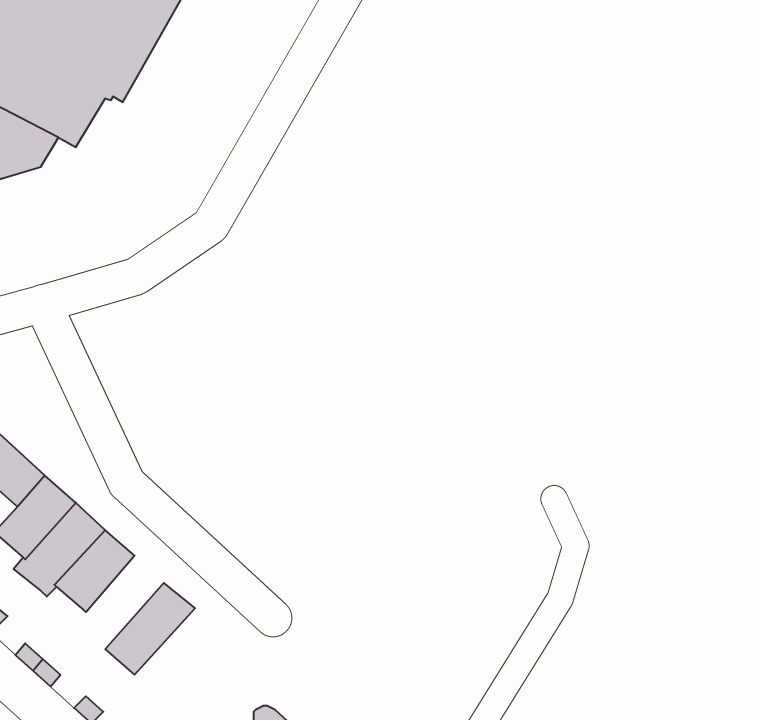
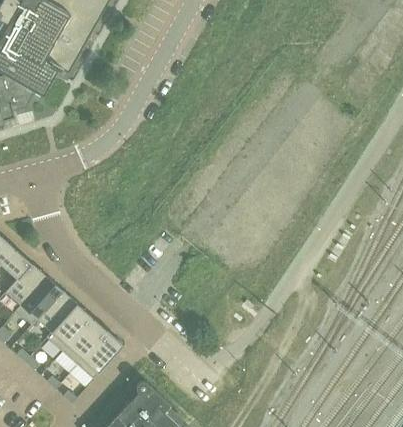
building: none -> [44,304,90,352]
building: none -> [75,331,122,380]

